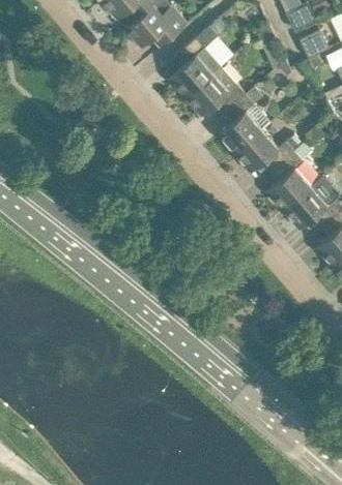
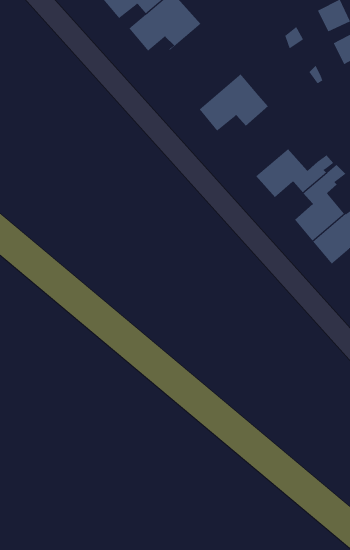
building: [170,26,223,97] -> none
building: [219,94,272,154] -> none

